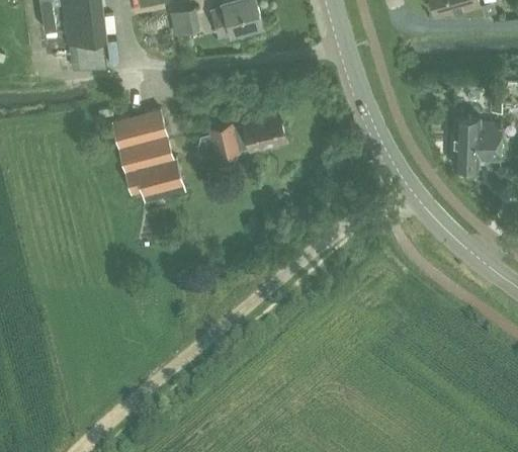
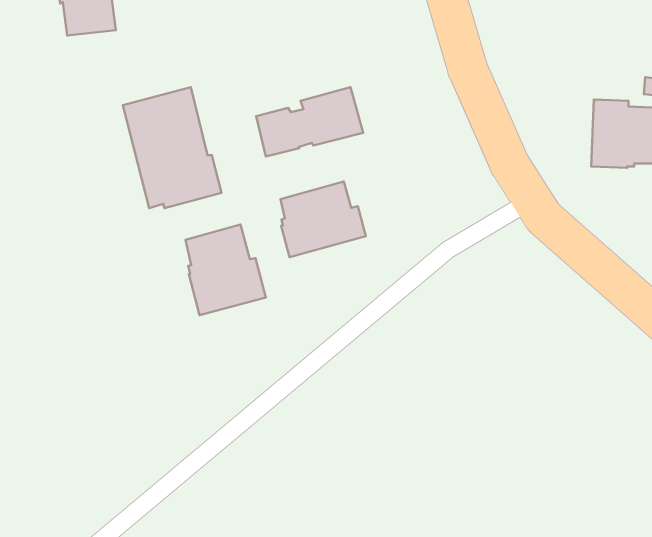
building: none -> [281,182,366,257]
building: none -> [185,225,266,315]

